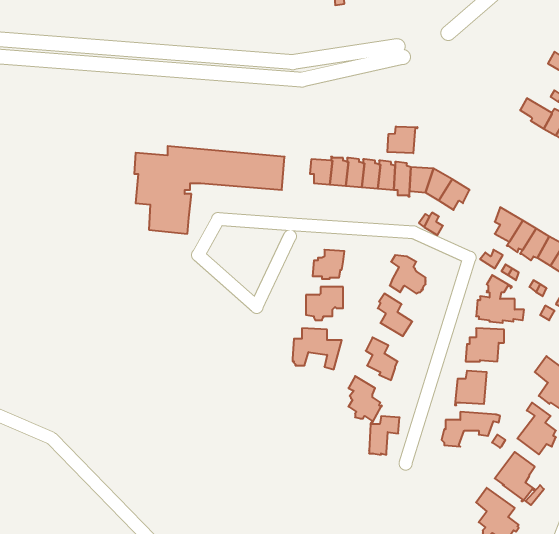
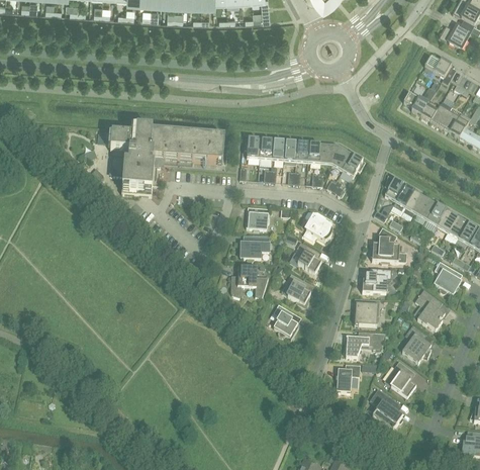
building: [387,126,417,153] -> none
building: [369,416,400,455] -> [338,364,361,393]

